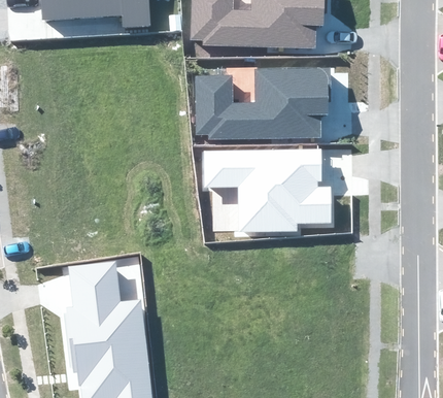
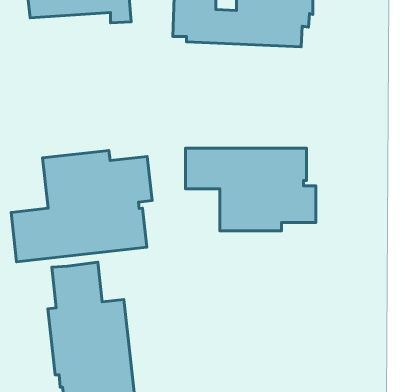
building: [195,67,331,139] -> none
building: none -> [11,150,152,262]

